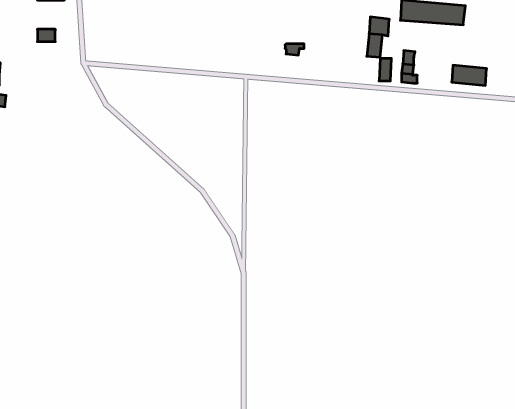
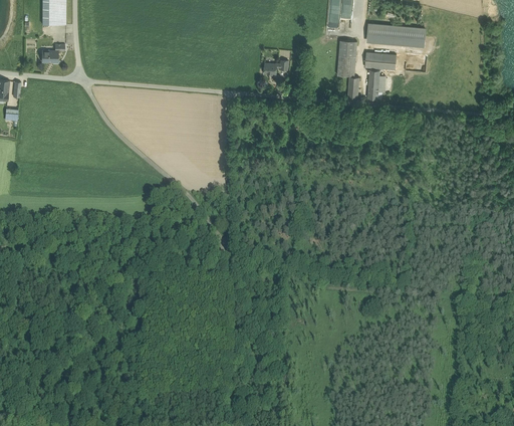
building: [452,65,487,85] -> [365,51,397,69]

